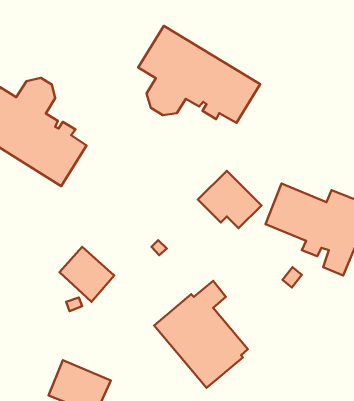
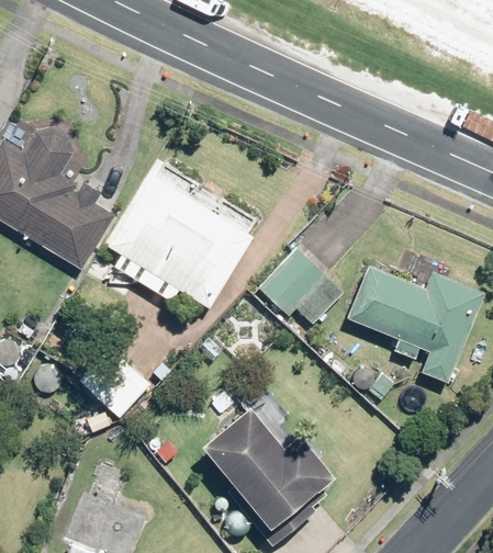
building: [138,26,260,123] -> none
building: none -> [108,173,254,308]

